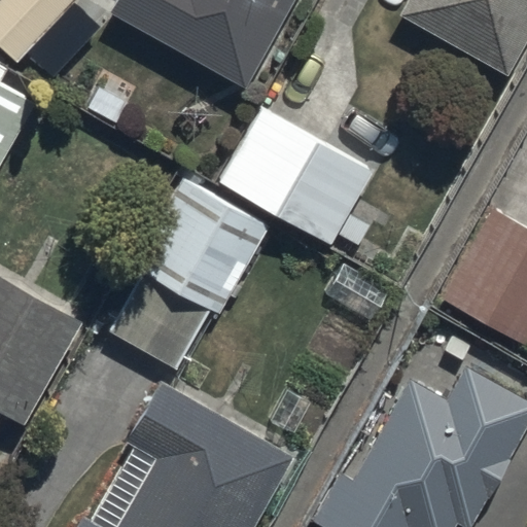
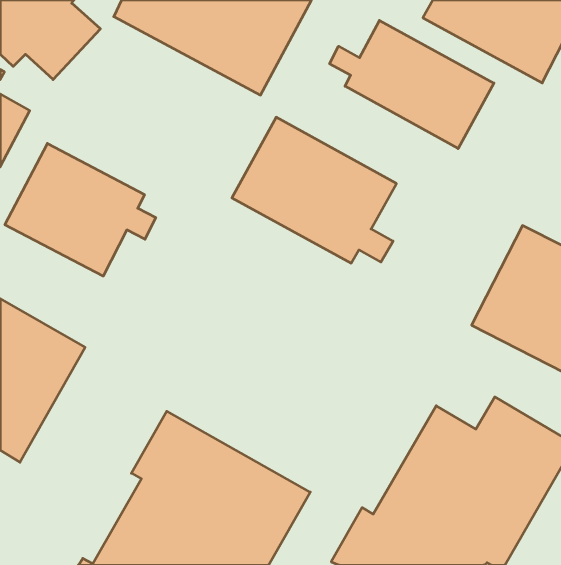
building: none -> [330,20,494,149]
building: none -> [5,143,156,276]
building: [109,177,267,368] -> none

